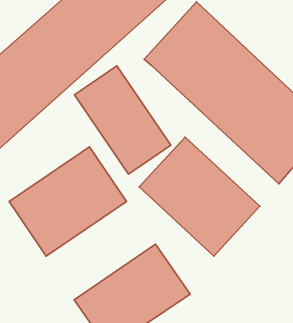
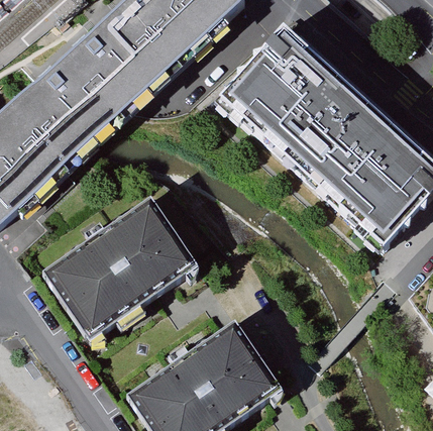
building: [74,66,171,174] -> none
building: [139,137,260,256] -> none

